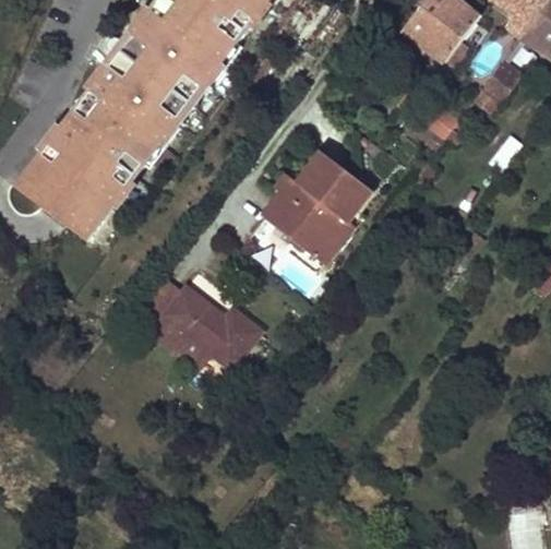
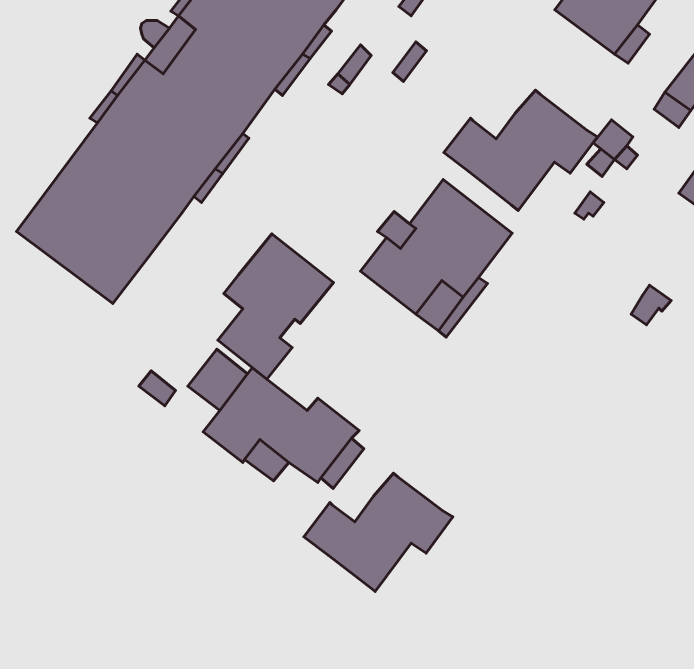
building: none -> [444,90,597,210]
building: none -> [218,234,333,379]
building: none -> [304,473,453,591]

